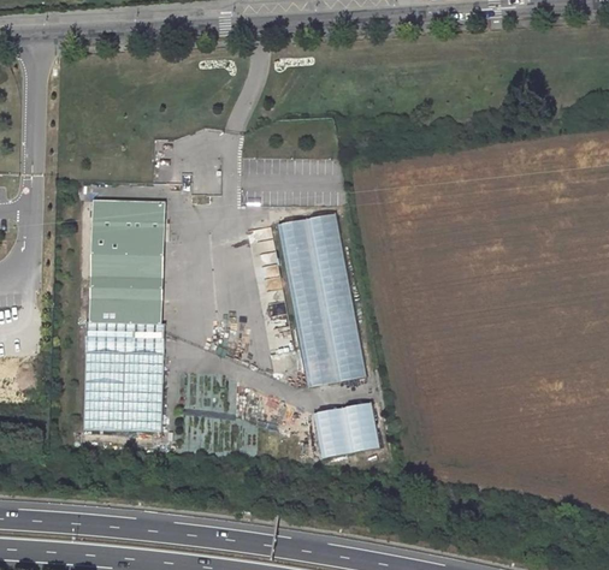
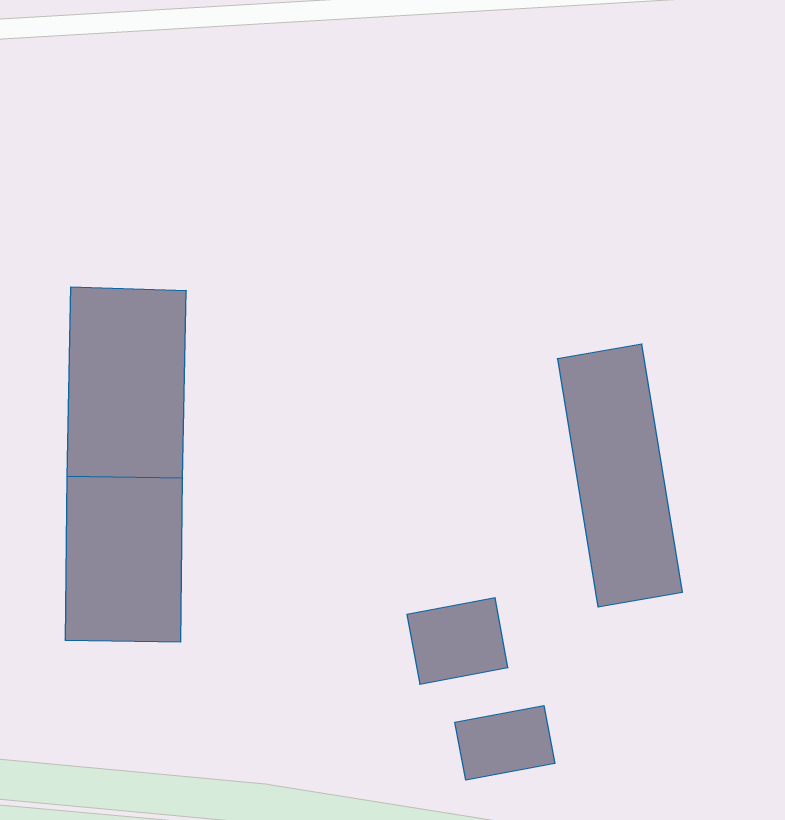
building: [278,214,360,386] -> [557,344,682,607]
building: none -> [455,706,555,780]

